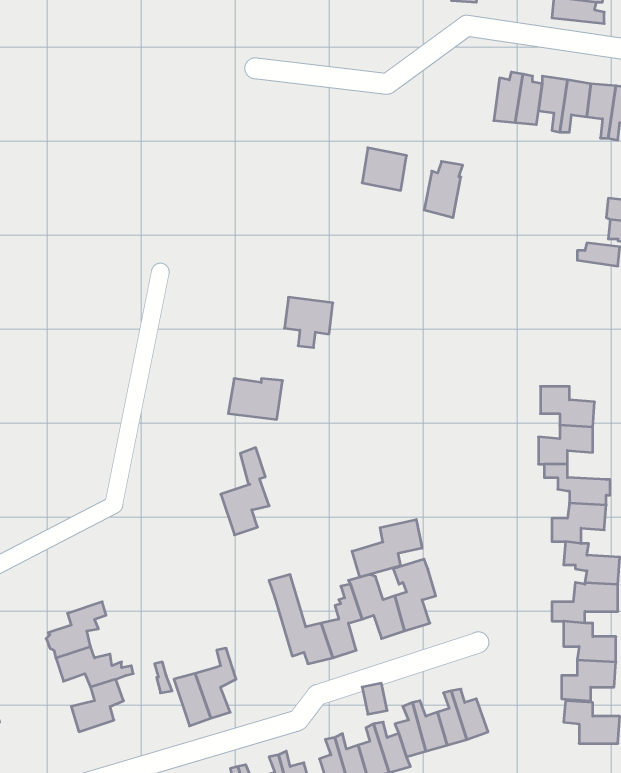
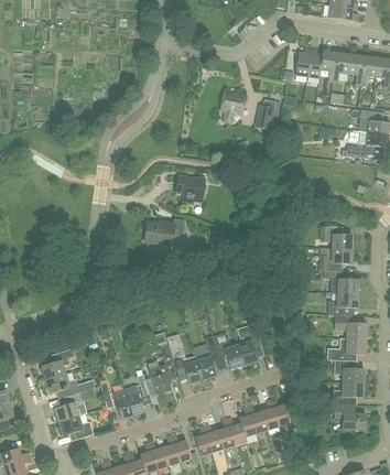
building: [221,448,269,535] -> [149,344,176,393]
building: [352,519,422,577] -> none
building: none -> [57,415,93,439]

